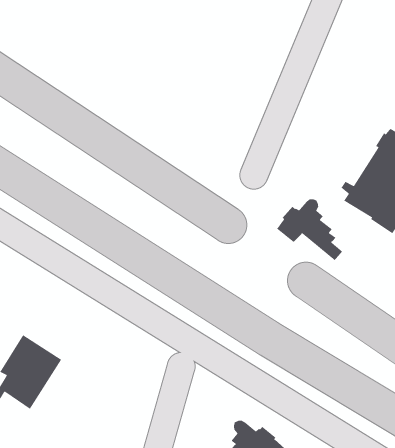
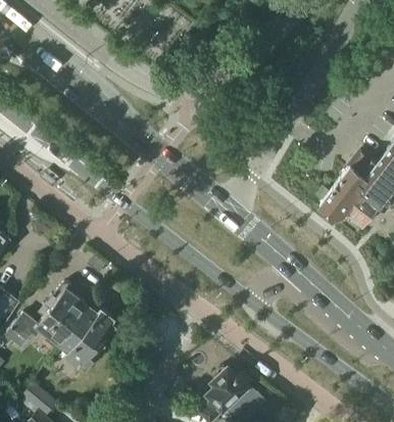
building: [276,199,343,261] -> none
building: none -> [61,308,113,371]

